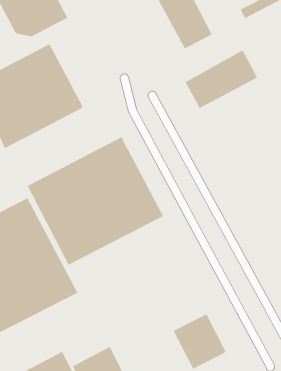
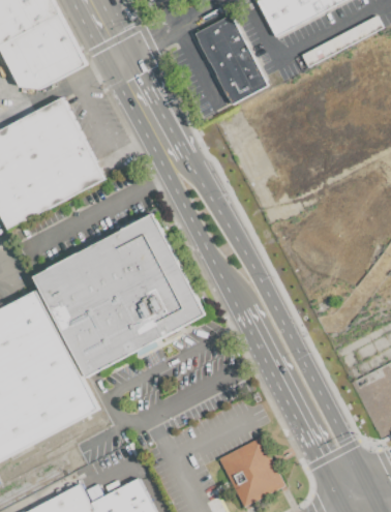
building: [185,50,258,109] -> none

